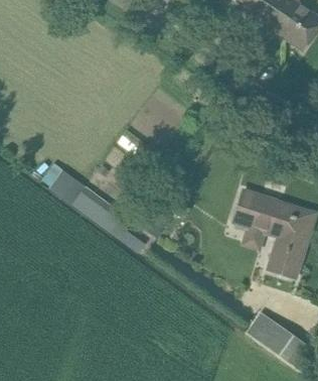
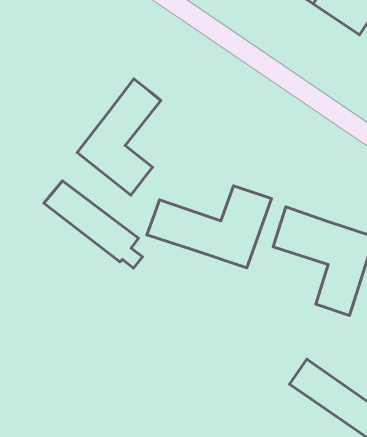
building: none -> [77,79,161,195]
building: none -> [147,186,271,268]

